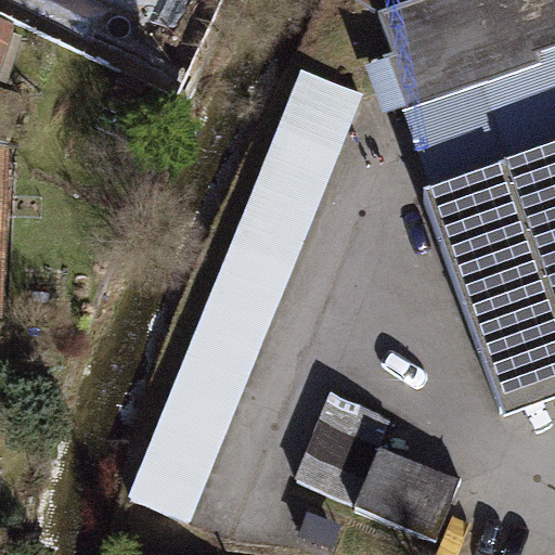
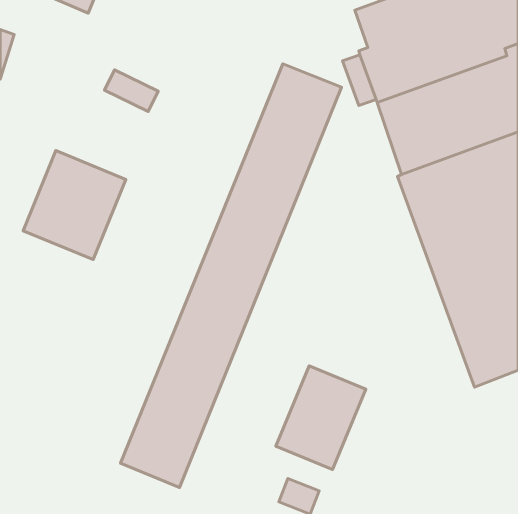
building: none -> [23,151,126,260]
building: [357,447,461,540] -> none

